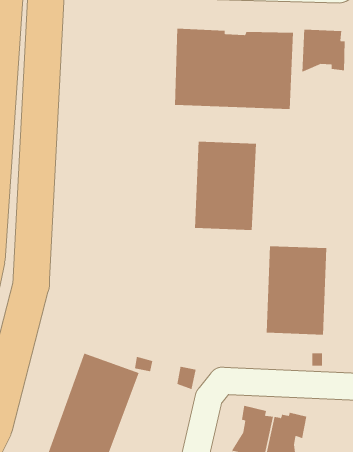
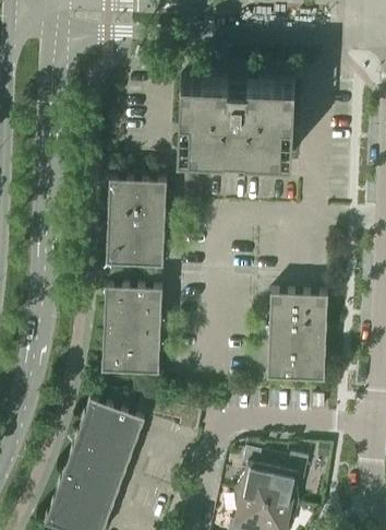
building: [302,29,345,73] -> none
building: [194,141,257,230] -> [106,180,167,268]
building: none -> [101,287,162,375]

